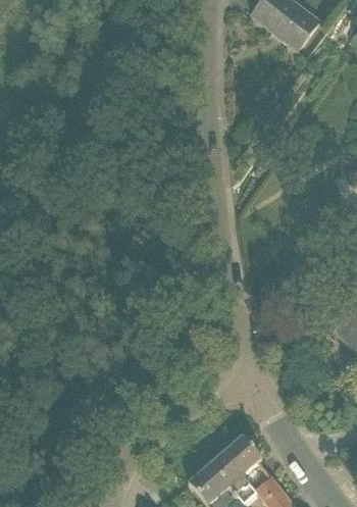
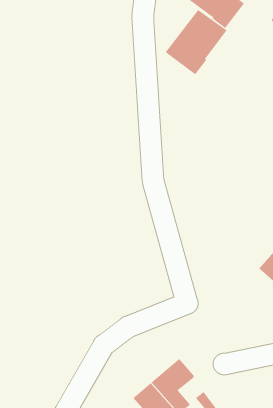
building: none -> [165,9,228,75]

